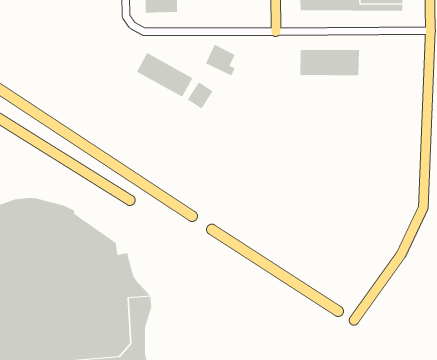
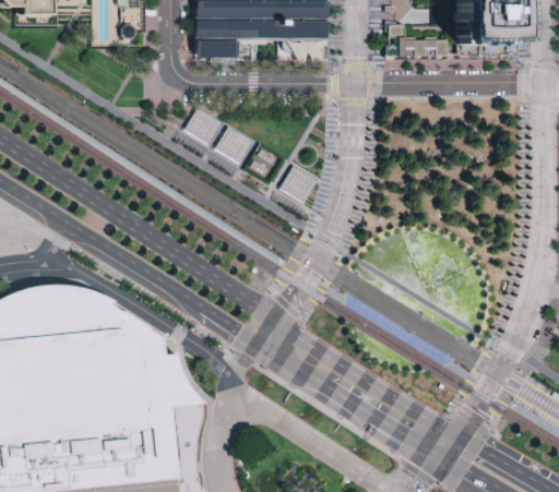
building: [205,44,235,76] -> [281,165,318,204]
building: [300,49,359,76] -> none

